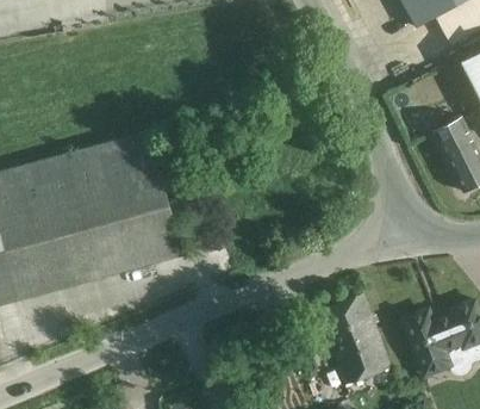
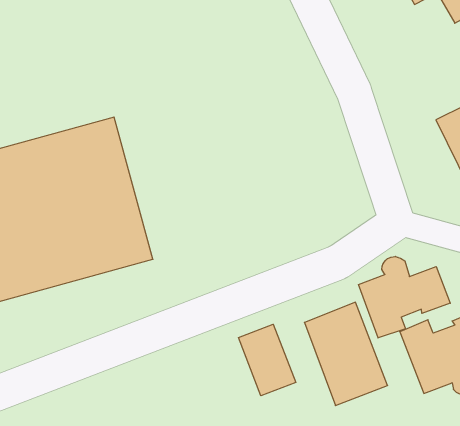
building: none -> [358,256,450,338]
building: none -> [238,324,296,396]

